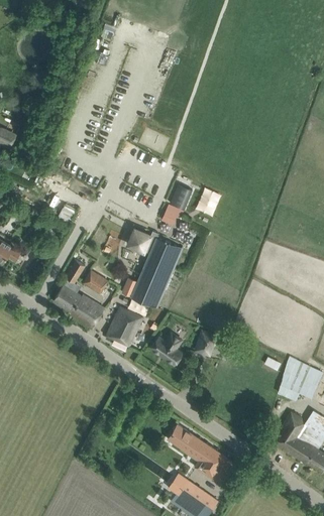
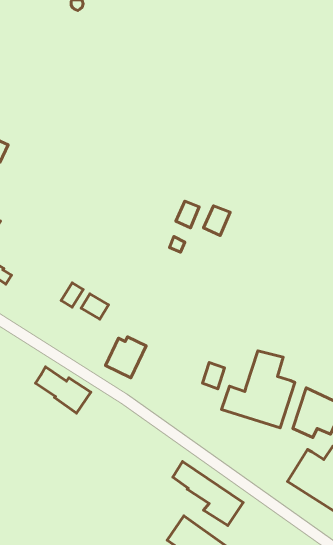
building: [122,230,181,307] -> none
building: [53,285,104,328] -> [36,367,91,413]
building: none -> [222,351,295,428]
building: [150,333,183,365] -> none

